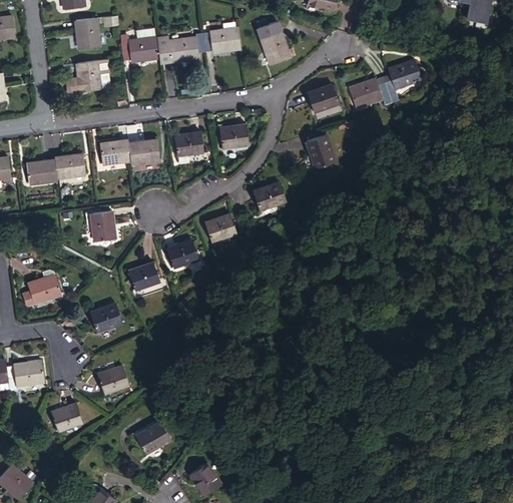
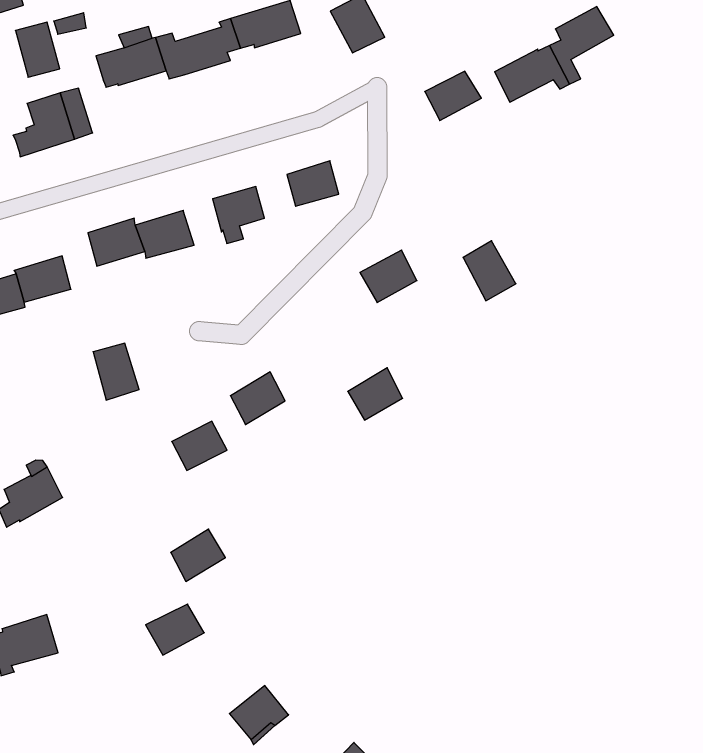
building: [307,134,335,168] -> [463,241,516,301]
building: [204,214,235,242] -> [348,368,403,420]
building: [90,304,121,332] -> [171,529,225,581]
building: [50,404,82,432] -> none

